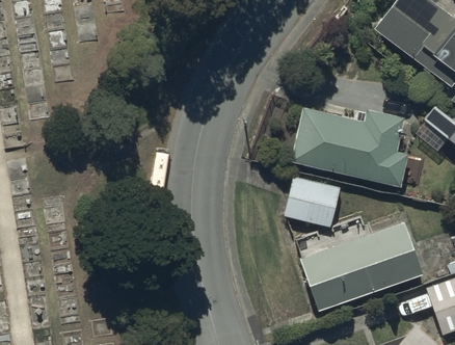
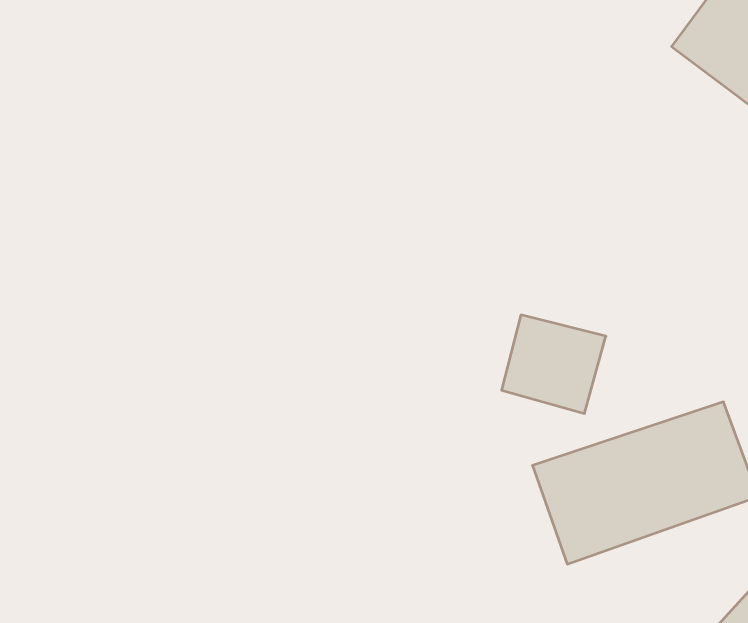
building: [292,107,406,186] -> none

